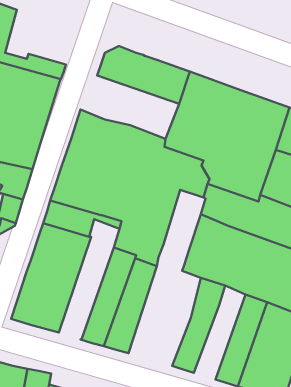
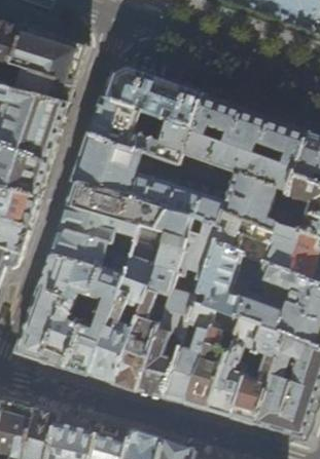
building: none -> [8,28,84,87]
building: none -> [87,98,191,165]
building: none -> [175,219,219,282]
building: none -> [65,250,129,376]
building: none -> [138,290,214,404]
building: none -> [207,319,261,418]

